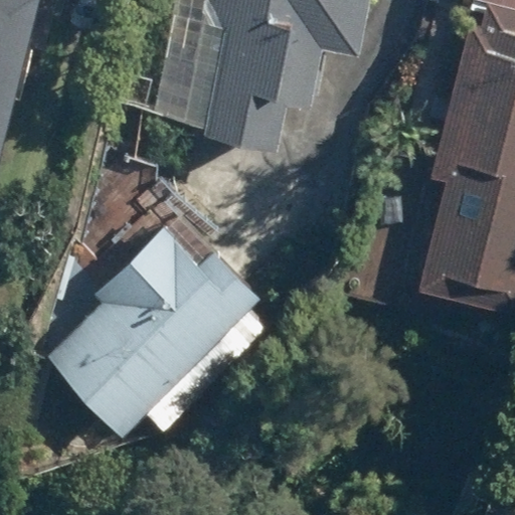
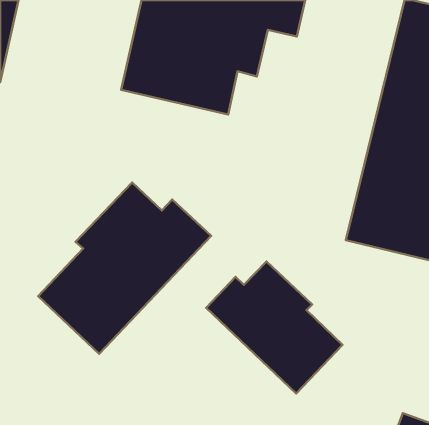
building: none -> [206,261,343,393]

